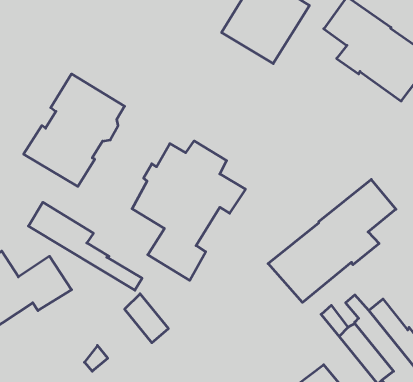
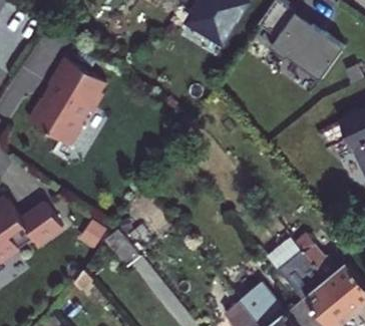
building: [132,141,245,280] -> none
building: [268,179,396,302] -> none
building: [28,202,142,290] -> none

